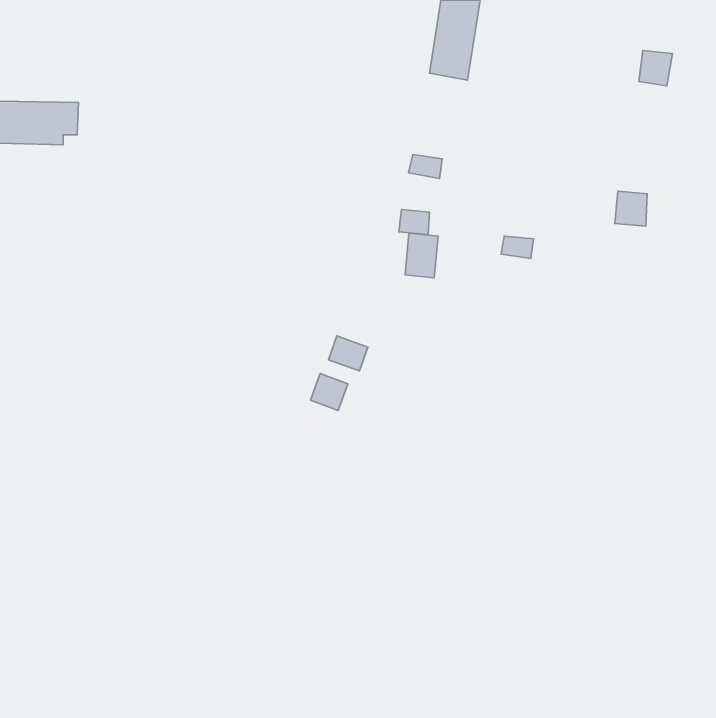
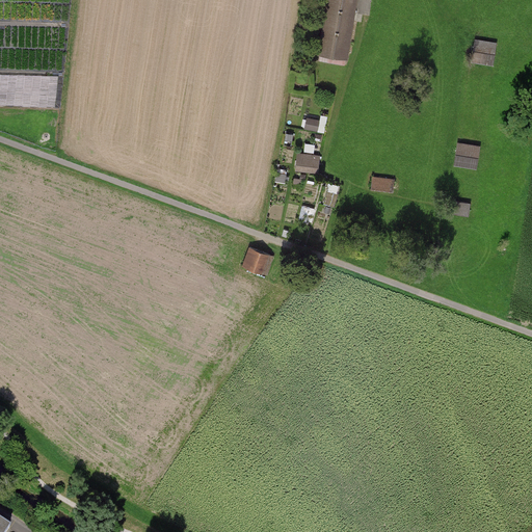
building: [405,233,438,278] -> none
building: [310,374,348,411] -> none

